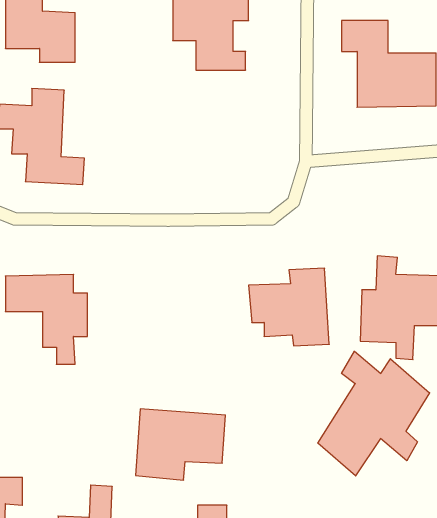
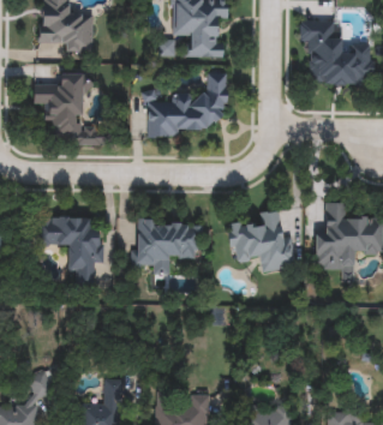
building: none -> [144,72,227,137]
building: [318,351,430,476] -> none
building: [136,409,225,480] -> [131,217,201,273]

